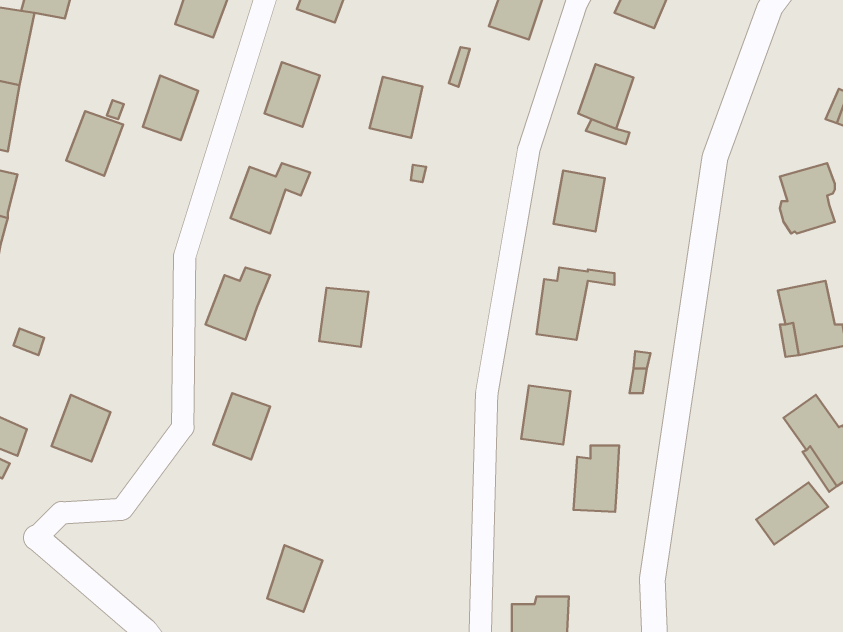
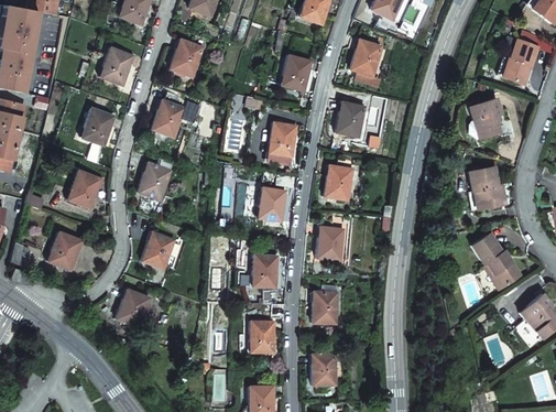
building: [369,77,423,138] -> [281,56,312,91]
building: [66,111,123,176] -> [79,109,112,147]
building: none -> [268,122,297,163]
building: [319,288,368,347] -> [259,188,287,223]
building: none -> [65,171,102,209]
building: none -> [254,254,280,288]
building: [573,445,619,512] -> [314,286,340,325]
building: [756,483,828,544] -> none
building: [267,545,322,612] -> [116,290,148,328]
building: none -> [251,321,276,354]

